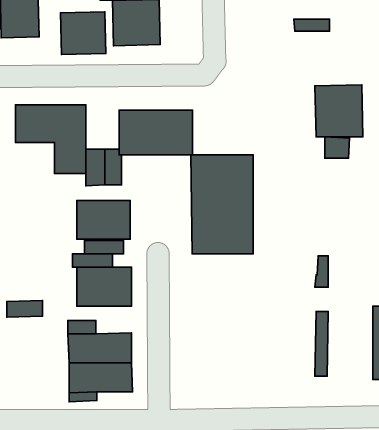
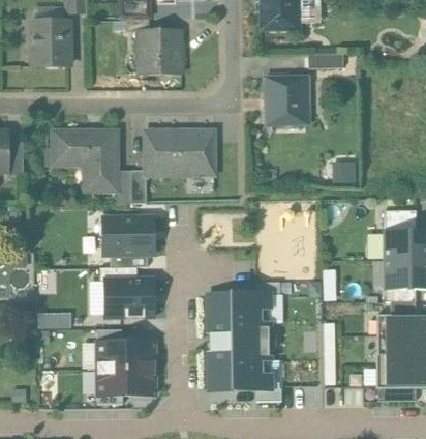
building: [60,12,106,55] -> none
building: [315,85,363,137] -> [265,70,309,119]
building: [191,155,253,254] -> [211,296,269,388]

